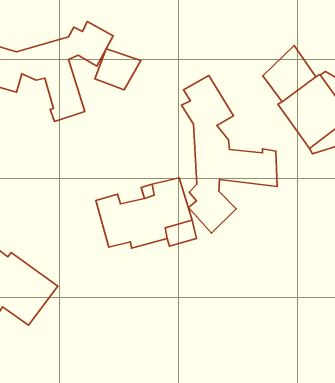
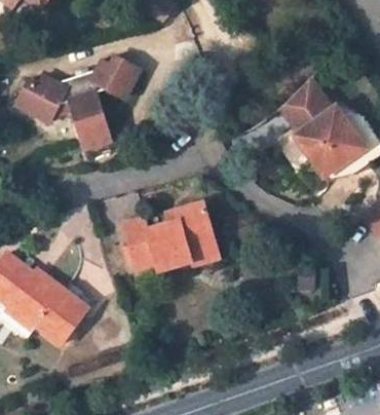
building: [95,49,141,90] -> none
building: [182,76,277,233] -> none

